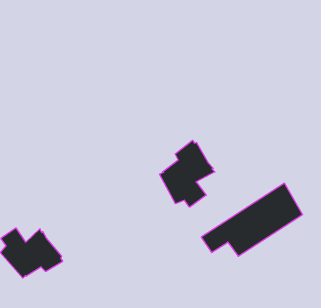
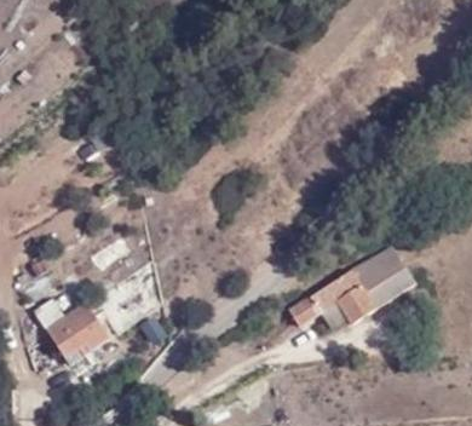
building: [160,140,215,207] -> none

